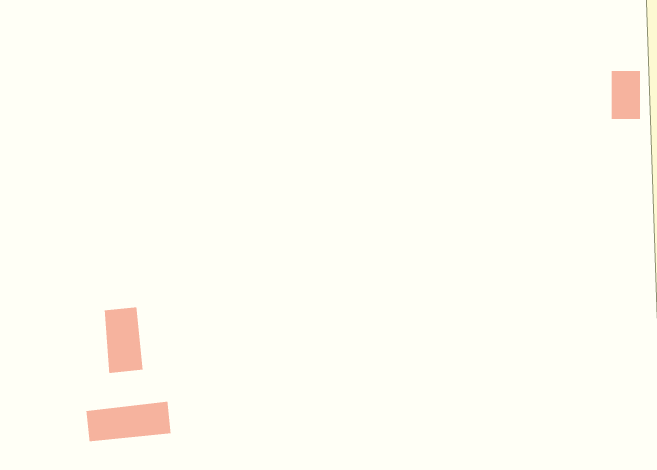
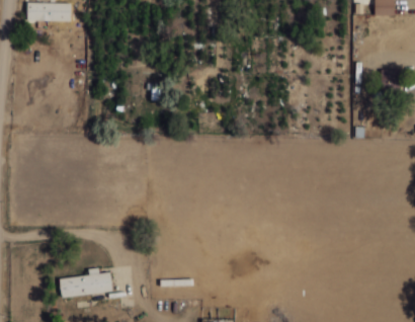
building: [104,307,144,374] -> none

